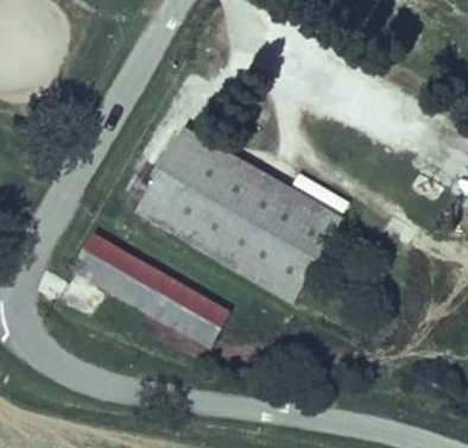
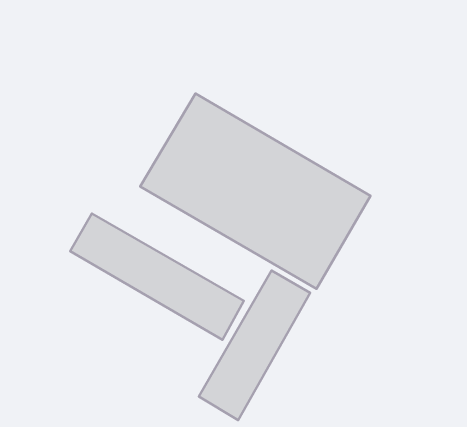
building: none -> [199,270,310,420]

